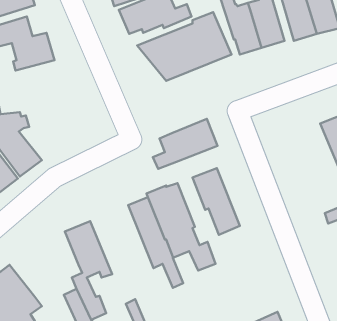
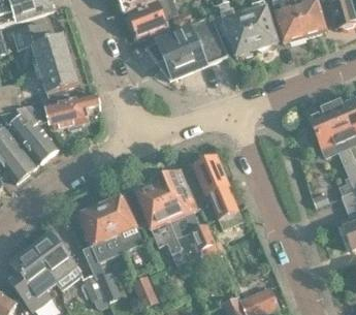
building: none -> [35,60,77,93]
building: none -> [39,92,100,130]
building: [153,119,218,169] -> none
building: none -> [102,195,143,252]
building: none -> [30,227,76,281]

